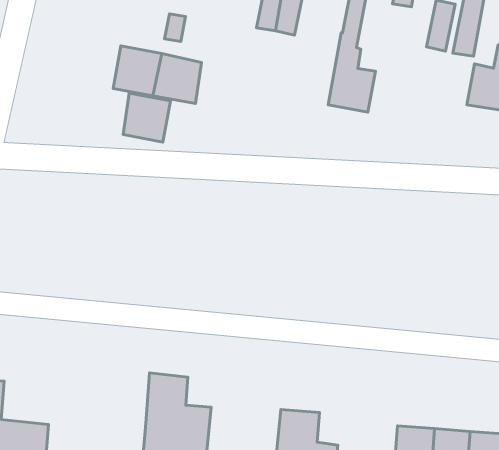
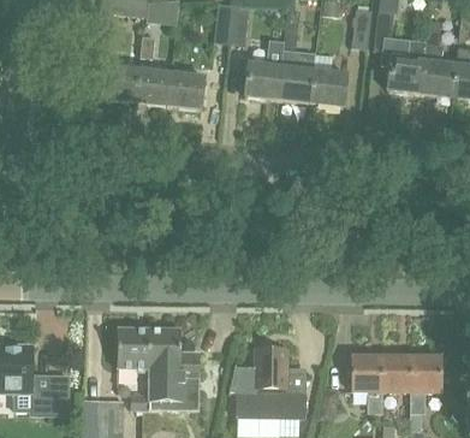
building: none -> [244,39,281,99]
building: none -> [308,52,345,106]
building: [123,93,170,142] -> [168,72,204,110]
building: none -> [115,326,148,367]

